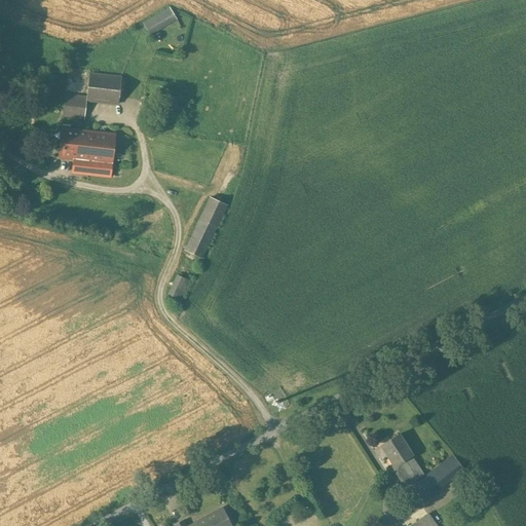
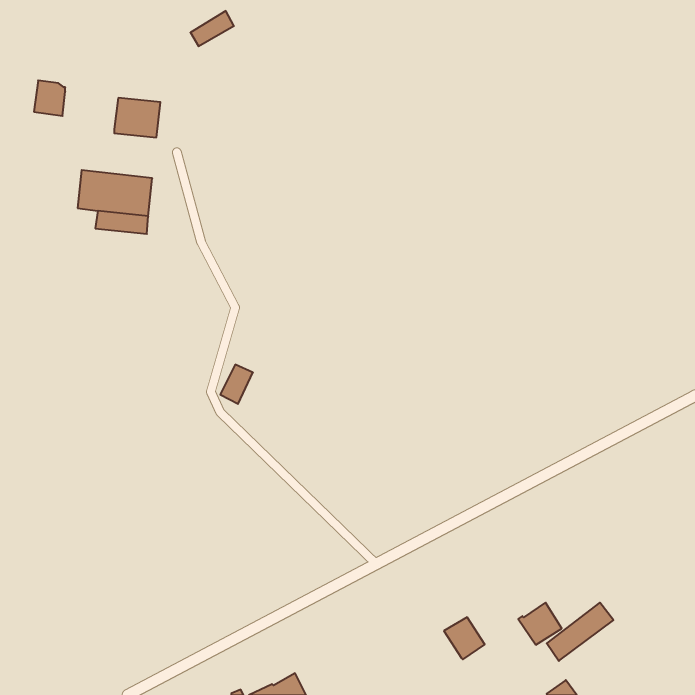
building: [63,92,86,119] -> [34,80,65,116]
building: [185,197,227,258] -> none
building: [381,435,412,466] -> [444,617,485,659]

